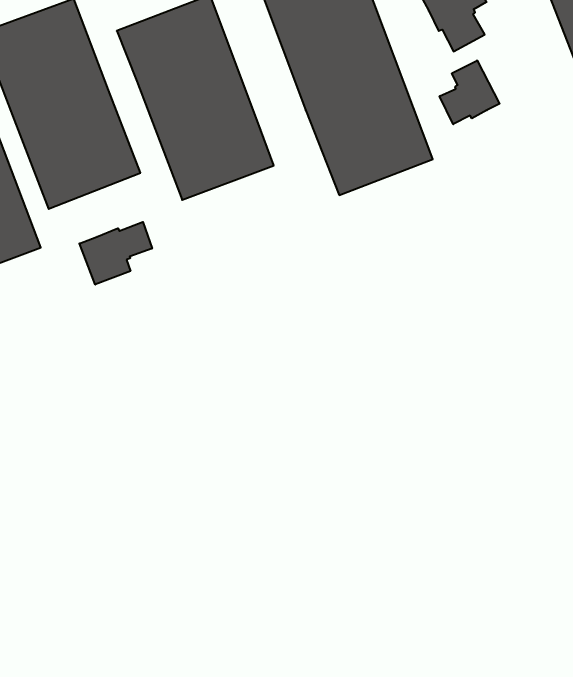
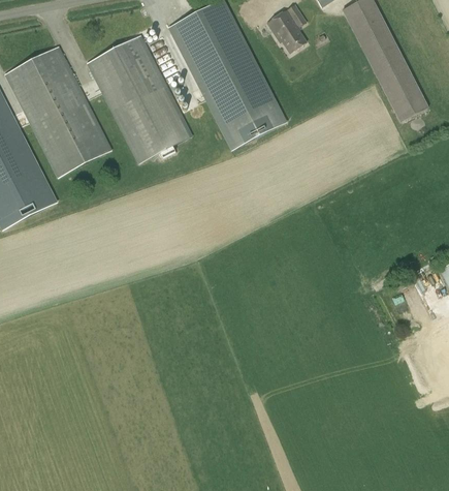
building: [440,60,500,124] -> none
building: [79,222,152,285] -> none

